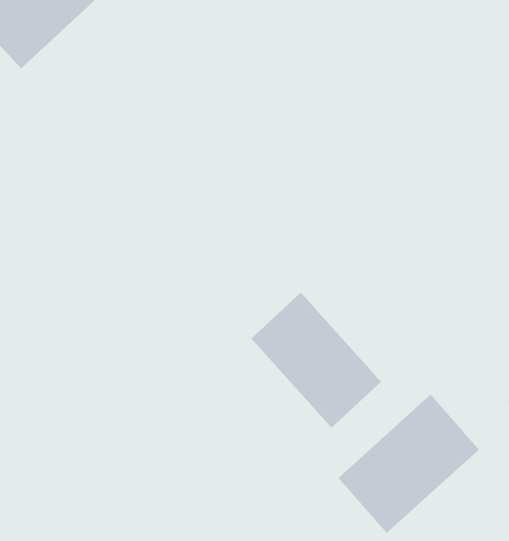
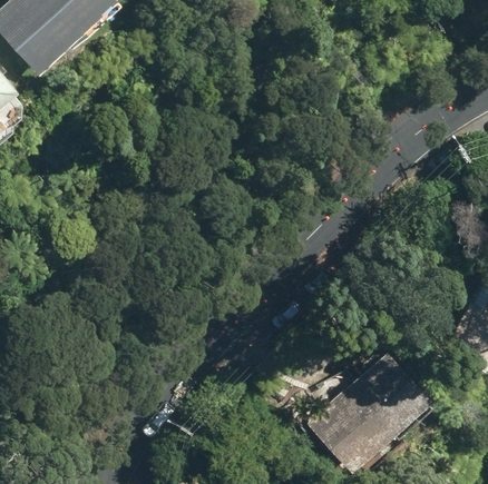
building: [250,292,382,428] -> none

